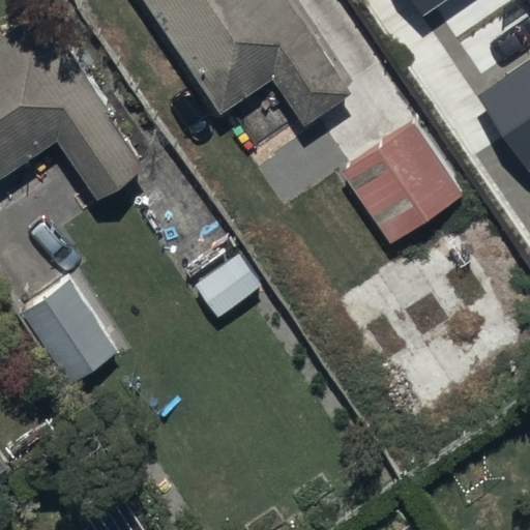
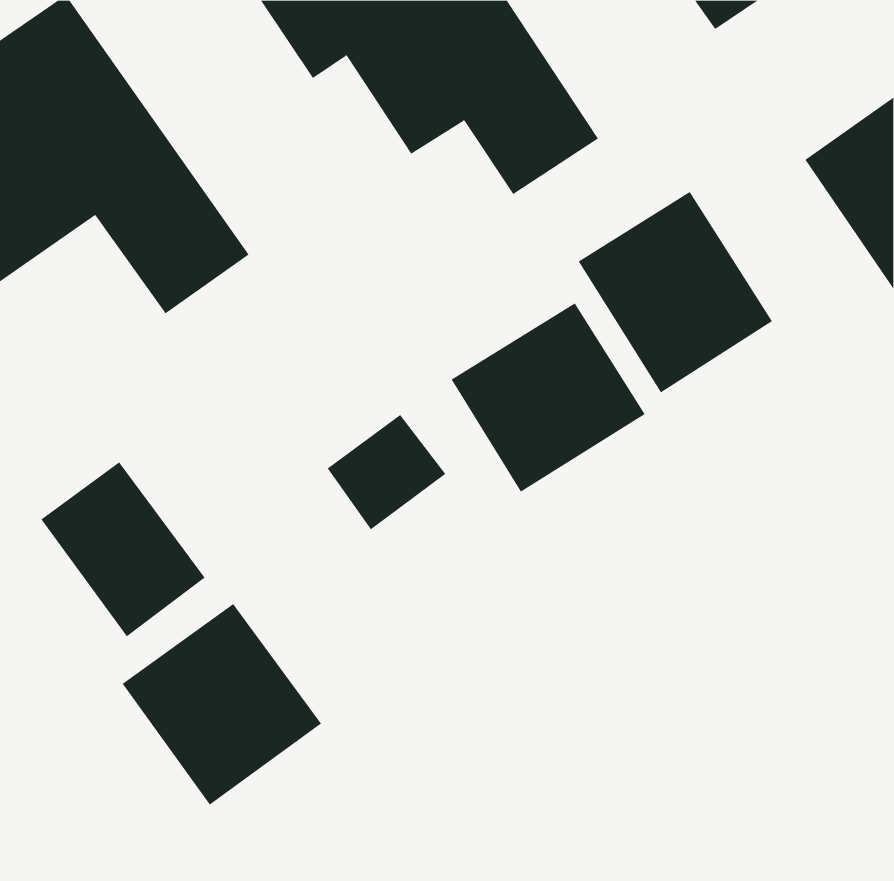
building: none -> [451,302,645,493]
building: none -> [122,603,322,806]

